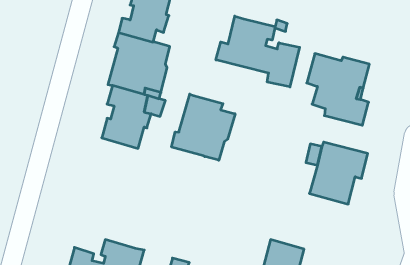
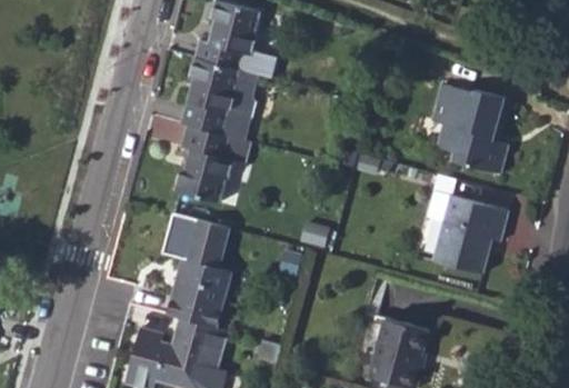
building: [216,16,300,87] -> none
building: [172,94,235,160] -> none
building: none -> [163,212,232,328]

